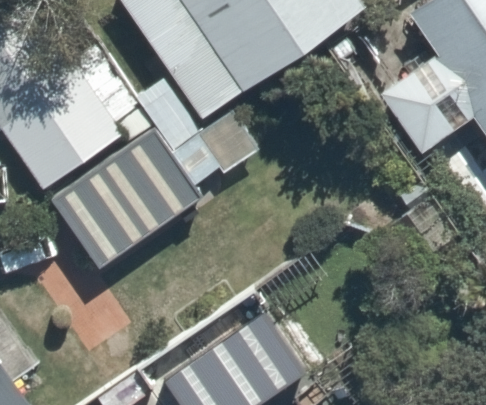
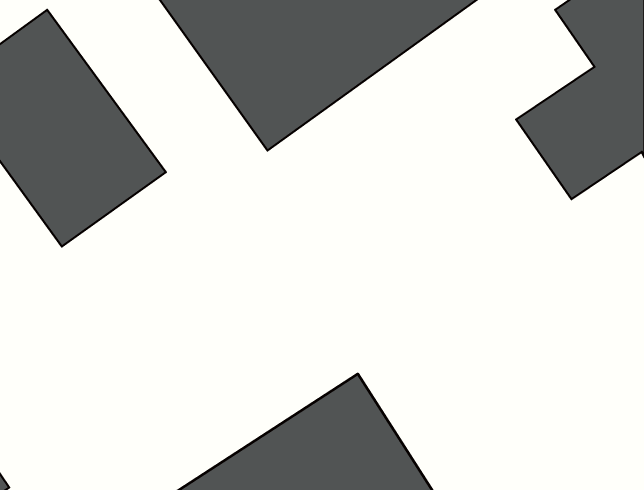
building: [57,135,200,266] -> none

